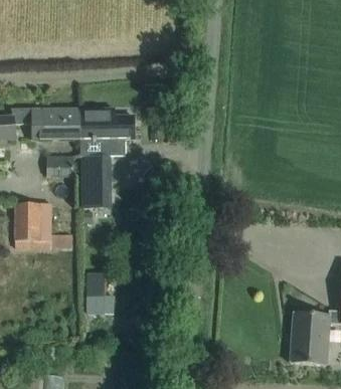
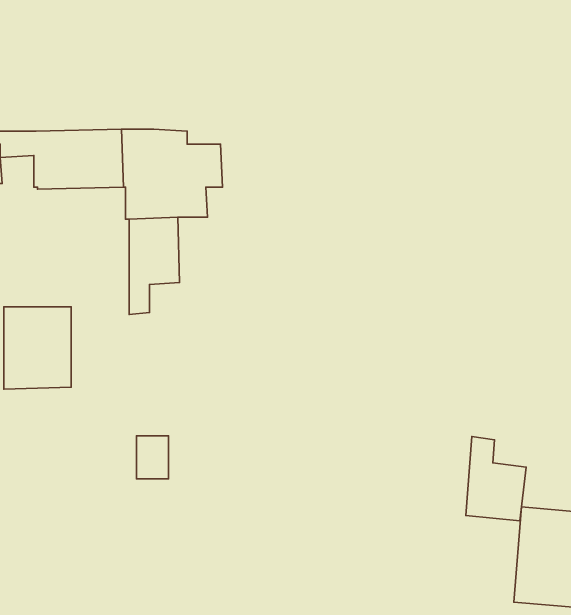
building: [46,155,72,175] -> none
building: none -> [466,436,526,521]
building: [87,295,114,313] -> none

